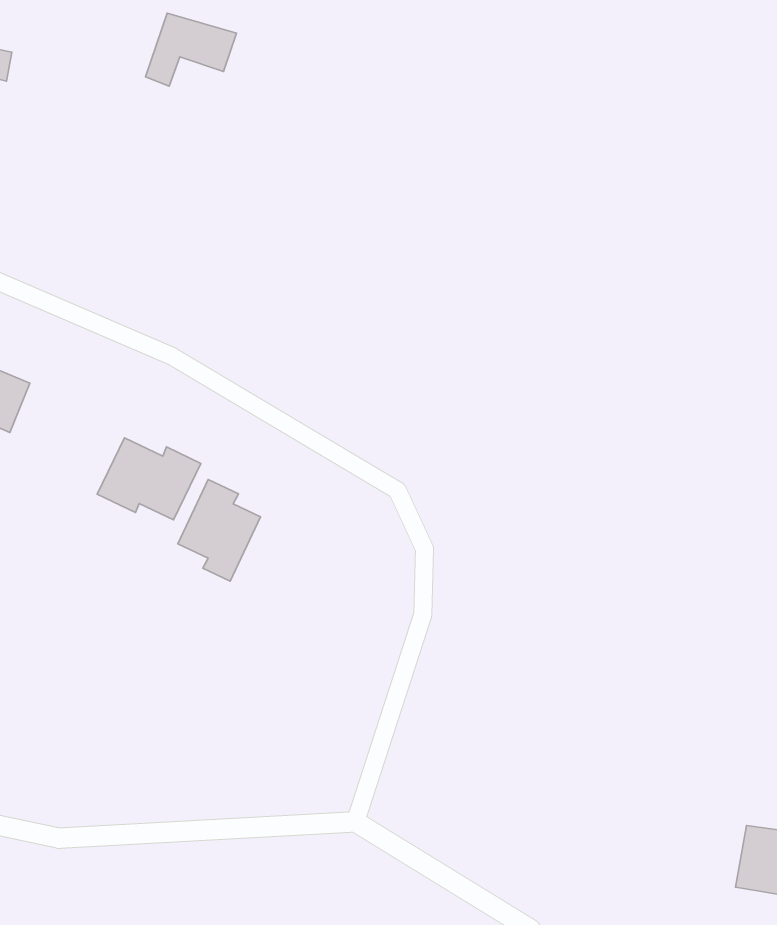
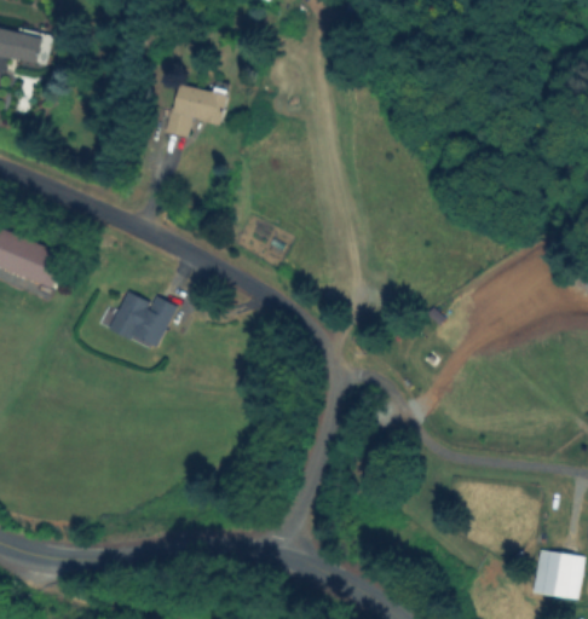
building: [145,13,236,86] -> [167,86,227,134]
building: [178,480,260,581] -> none

